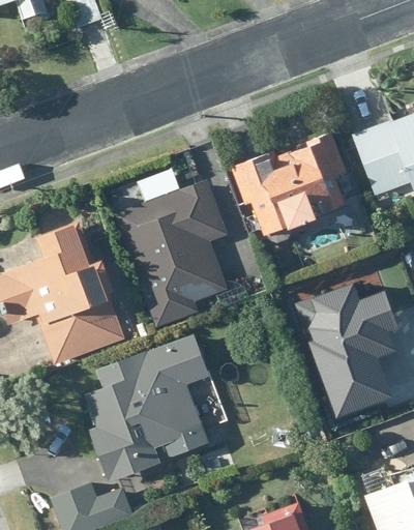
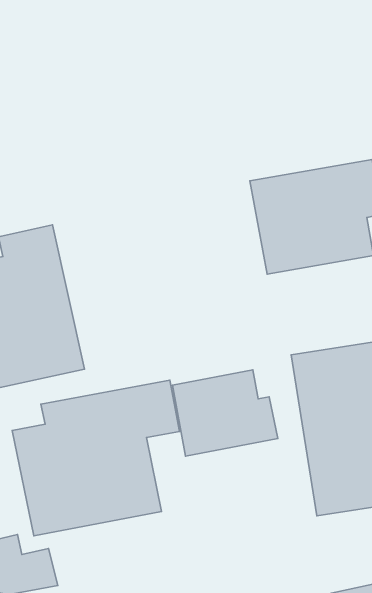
building: [114,181,228,329] -> none
building: none -> [172,370,278,456]

